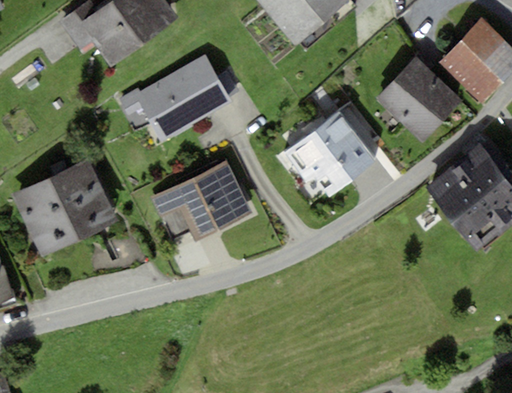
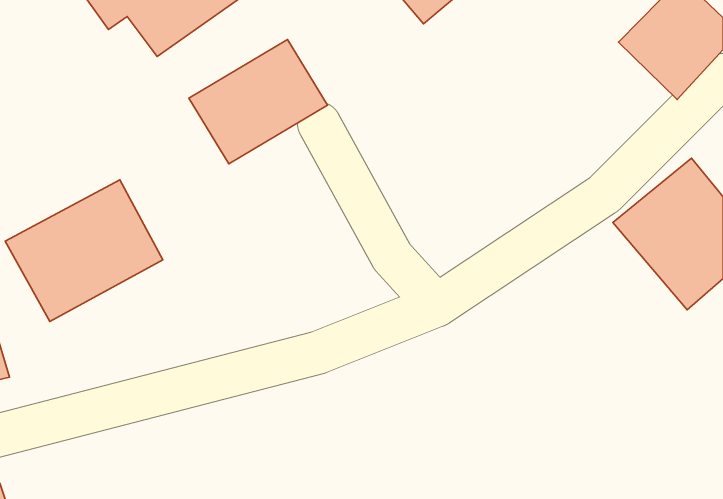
building: [376,55,464,143] -> none
building: [282,106,373,188] -> none
building: [150,160,254,249] -> none

